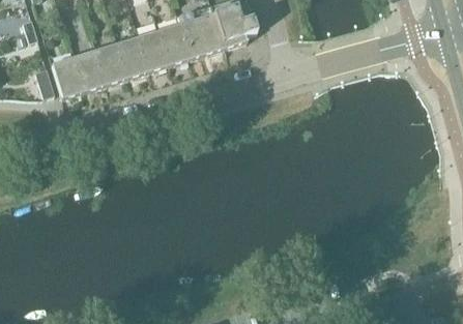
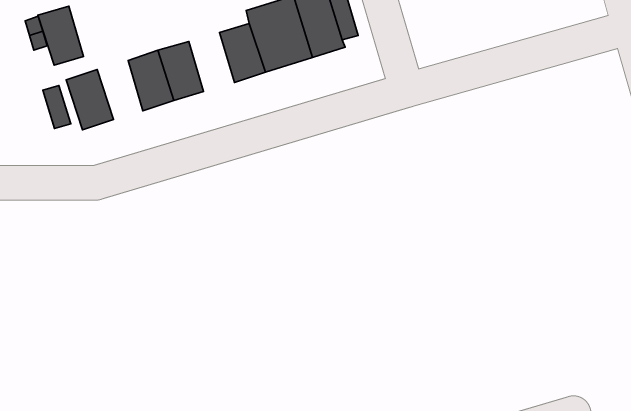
building: [137,31,169,72] -> none
building: [73,51,105,92] -> [38,6,84,65]

